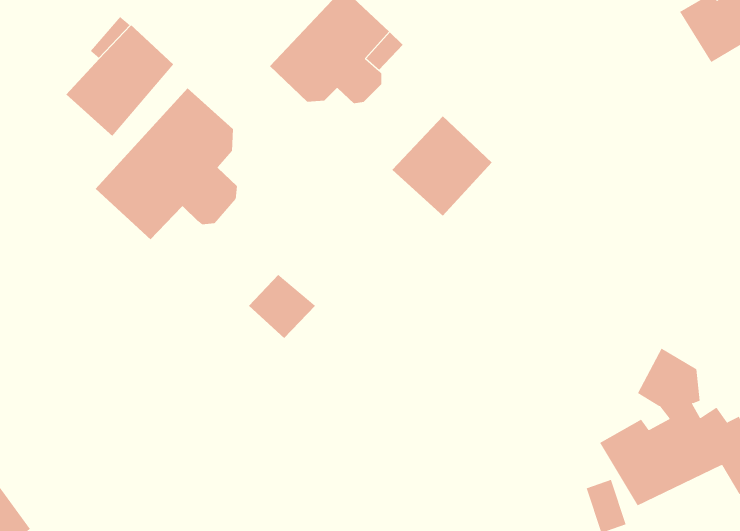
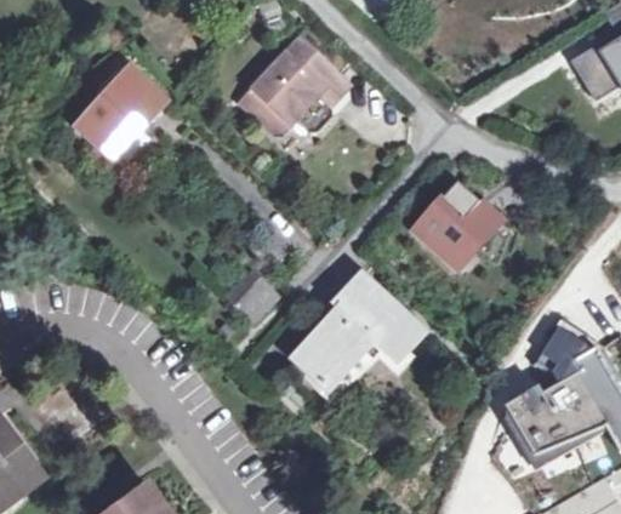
building: [95,88,237,240] -> none
building: [392,116,493,217] -> [416,185,497,267]
building: none -> [292,275,425,392]

